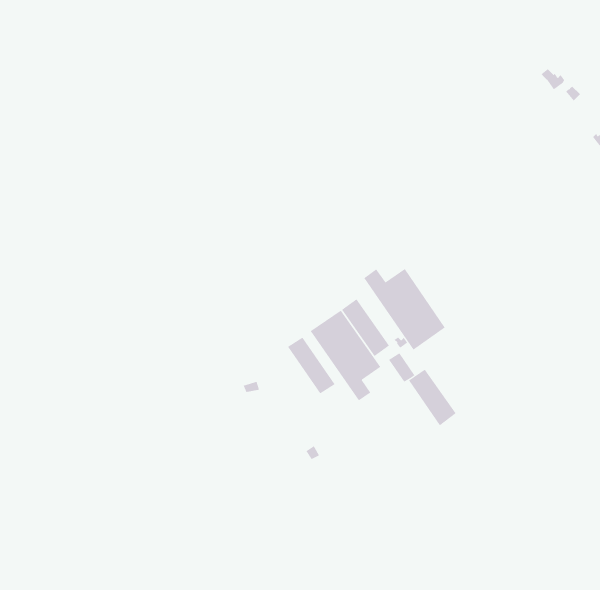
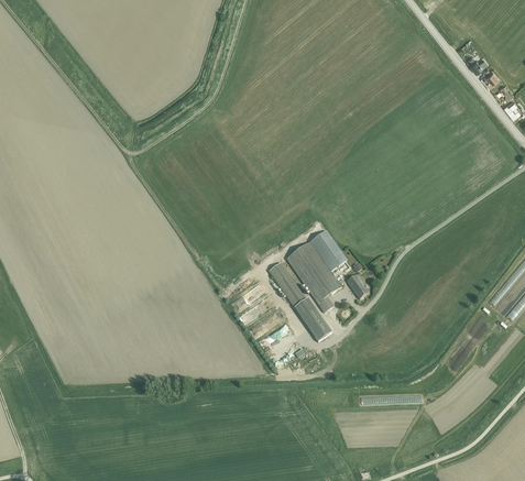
building: [363,268,446,350] -> none
building: [408,369,456,426] -> [294,297,331,341]

